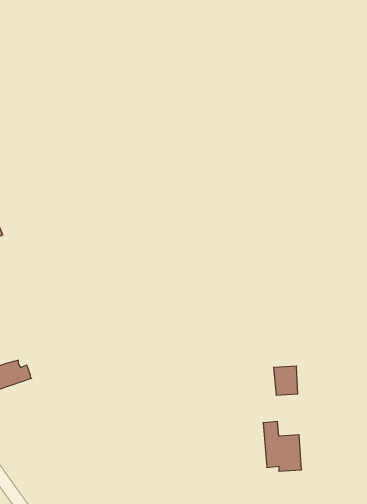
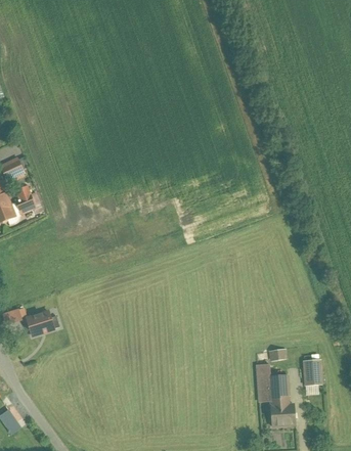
building: [274,366,298,395] -> [304,360,324,385]
building: none -> [269,403,295,424]

